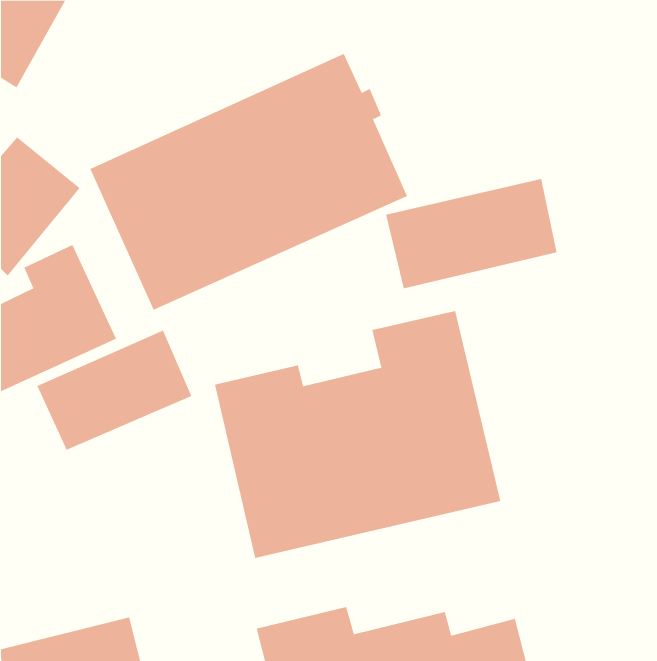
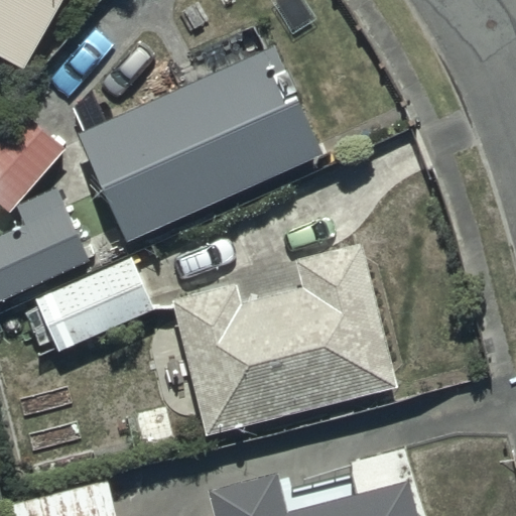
building: [386,178,557,289] -> none

